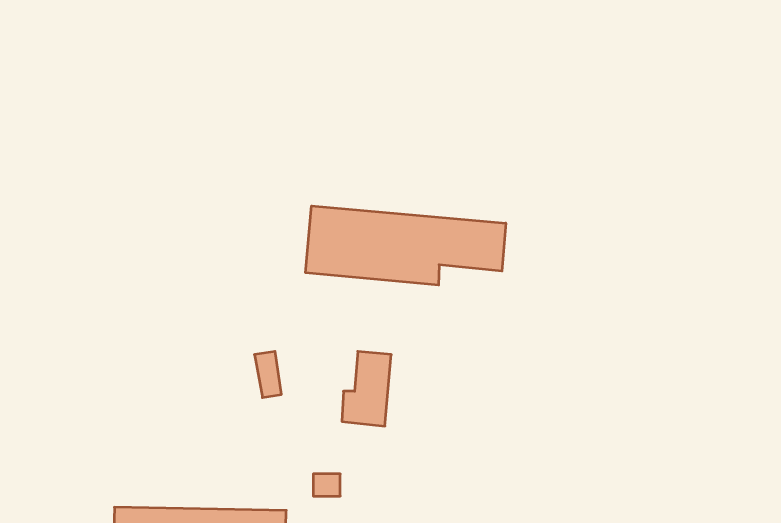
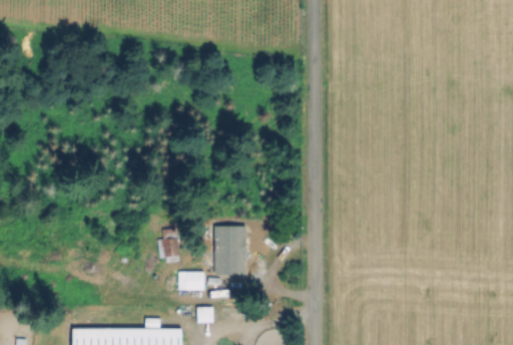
building: [306,206,506,285] -> none
building: none -> [178,272,202,289]

